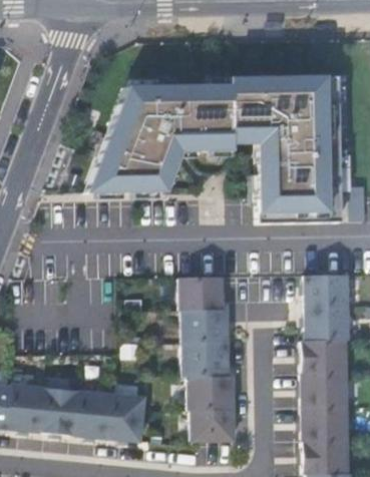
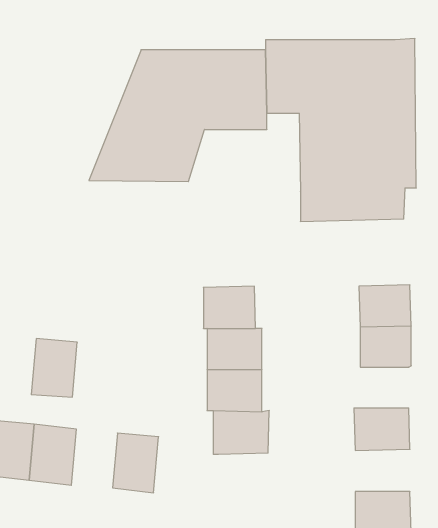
building: [302,342,346,375] -> none
building: [74,392,111,439] -> [31,339,77,397]
building: [303,408,347,442] -> none
building: [192,411,234,442] -> none

